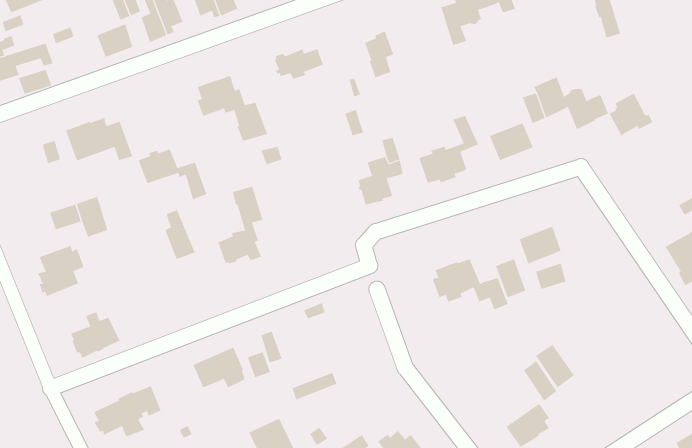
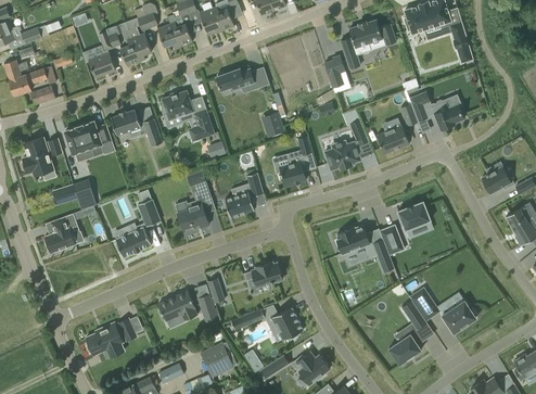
building: [365,31,394,78] -> [324,53,346,88]
building: [609,93,653,136] -> [482,162,514,193]
building: none -> [22,137,53,176]
building: [138,148,207,200] -> [111,109,162,147]
building: none -> [225,173,264,217]
building: none -> [244,262,282,287]
building: [70,311,121,359] -> [115,223,152,257]
building: none -> [442,300,476,332]
building: none -> [269,306,303,340]

